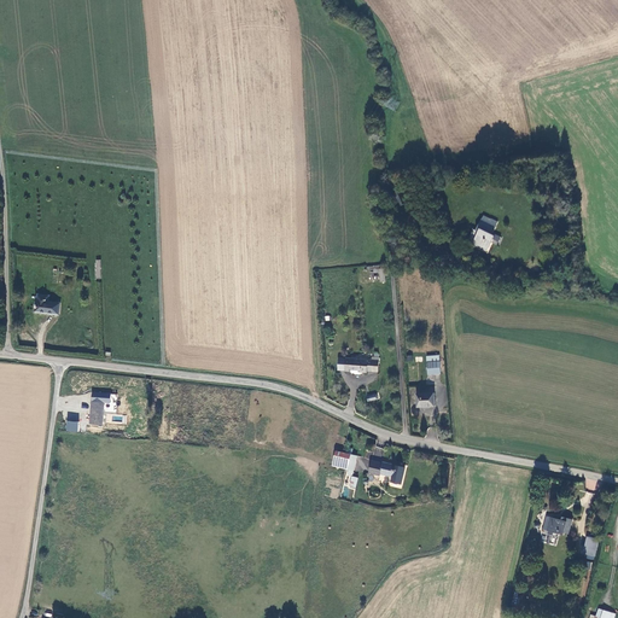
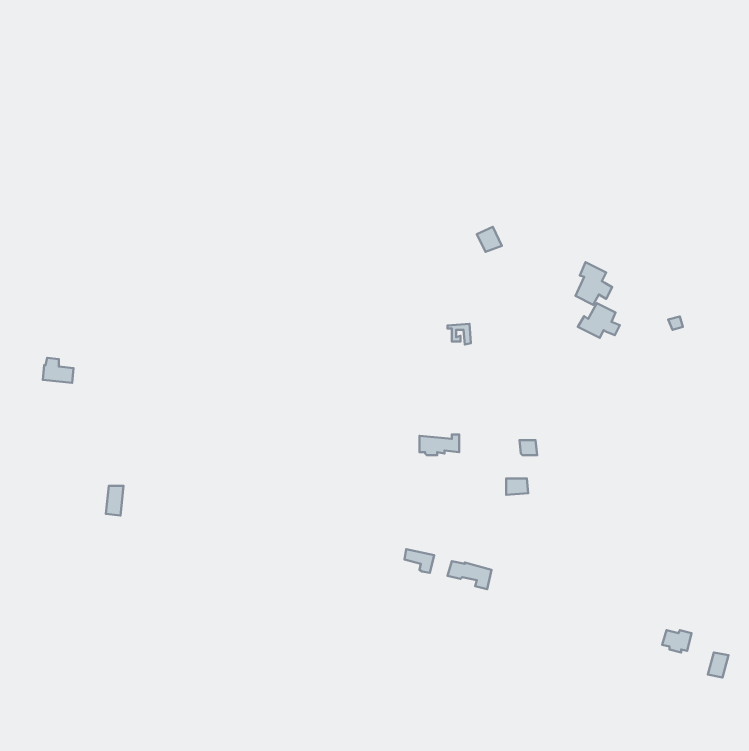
building: none -> [578,303,620,338]

